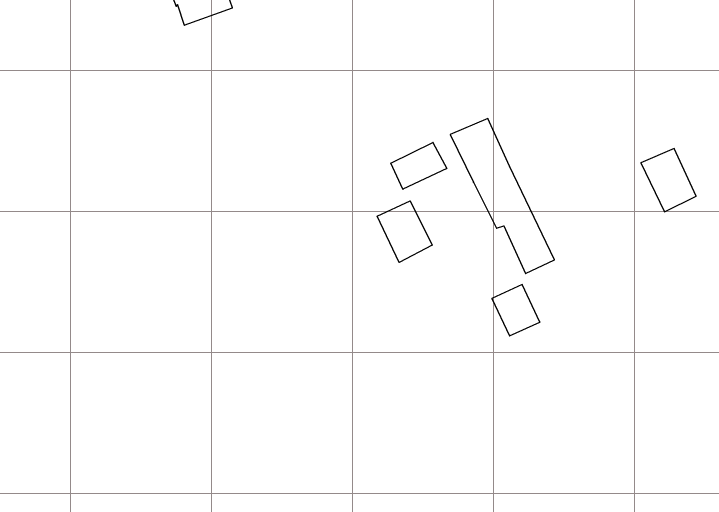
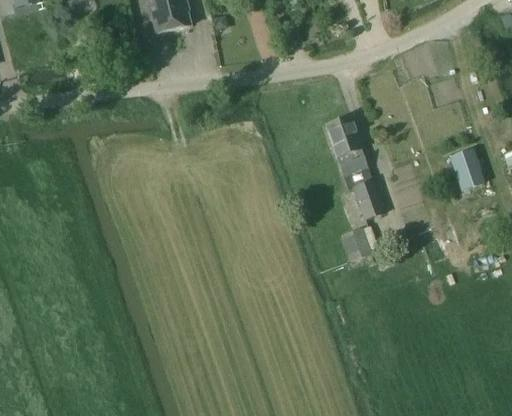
building: [391,142,447,189] -> none
building: [377,201,432,262] -> none

